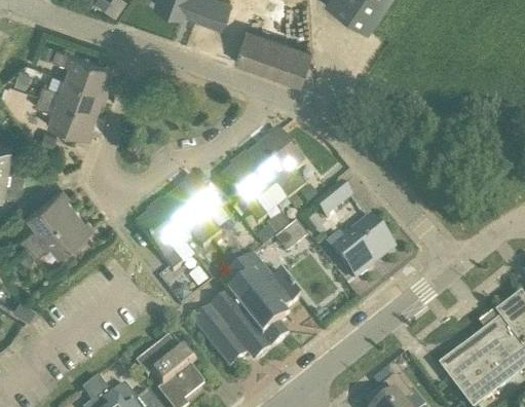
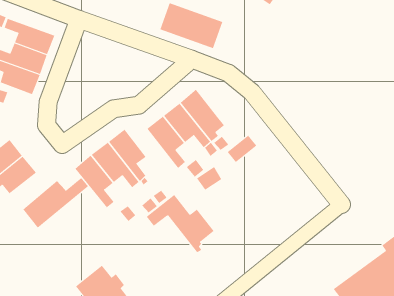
building: [333,219,393,279] -> none
building: none -> [22,177,89,228]
building: [192,281,290,369] -> none

